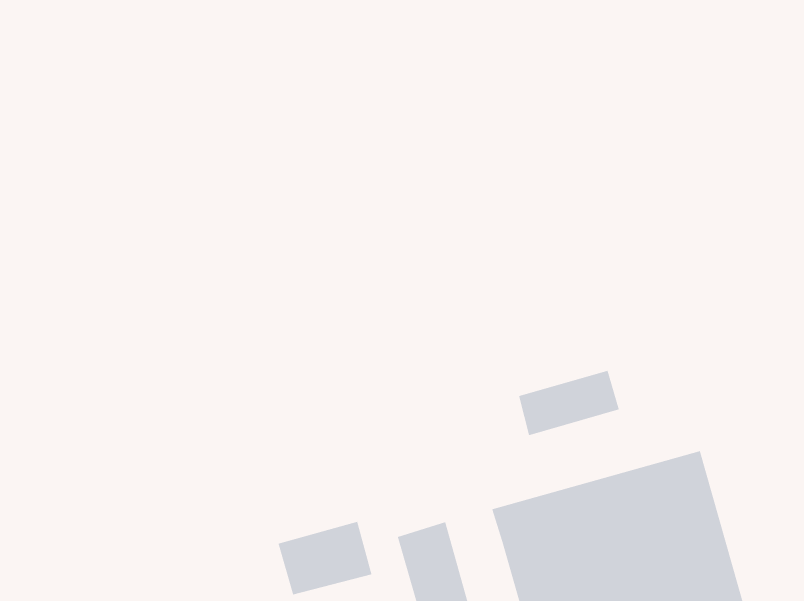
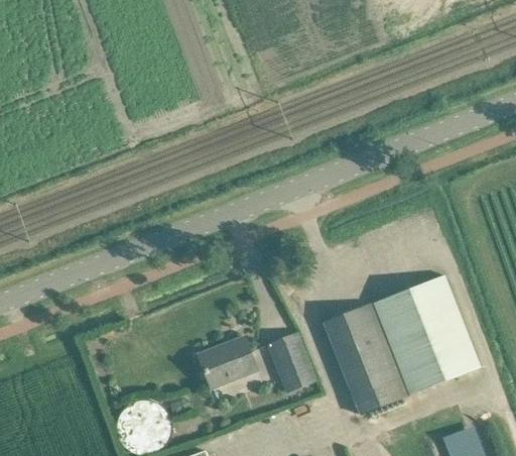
building: [518,370,620,436] -> none

